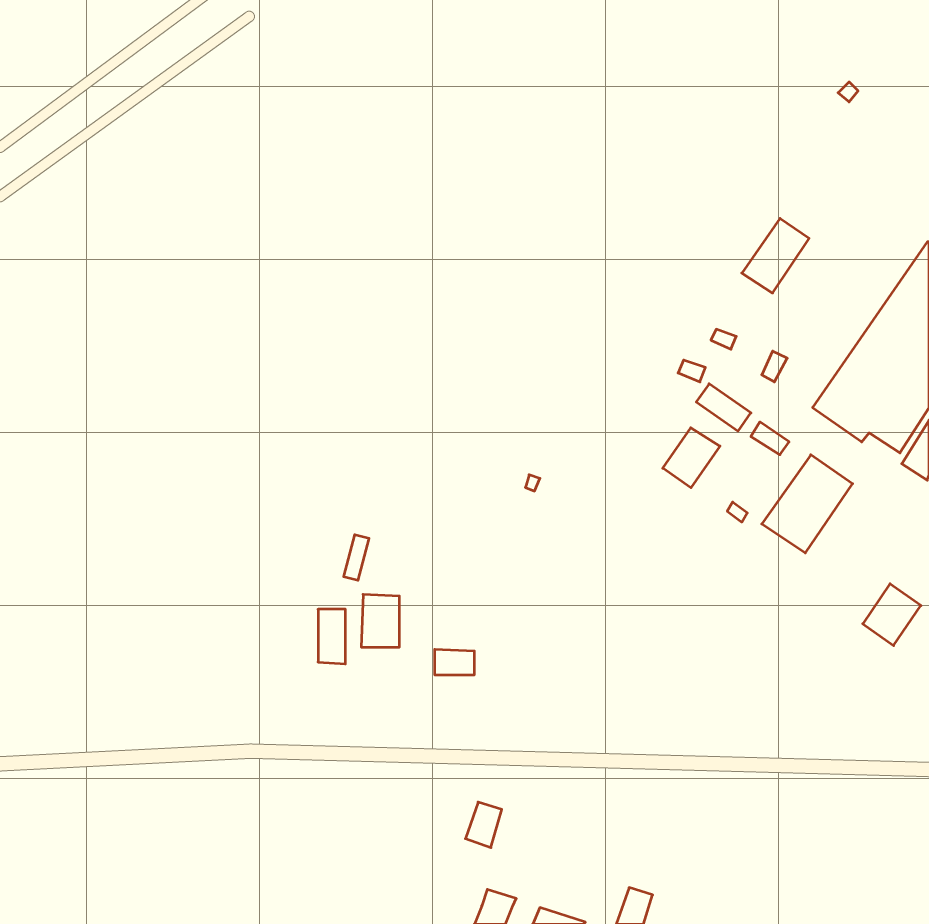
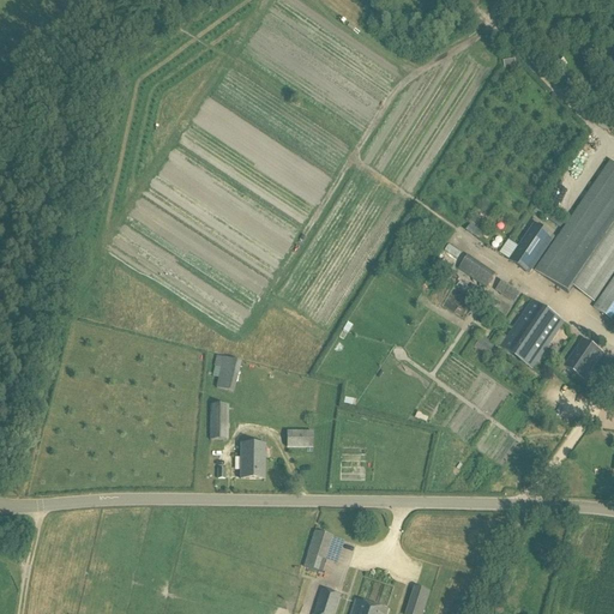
building: [742,218,809,293] -> [510,222,554,271]
building: [663,428,720,488] -> none
building: [863,584,921,646] -> [565,337,603,378]
building: [361,594,399,647] -> [240,441,265,476]

